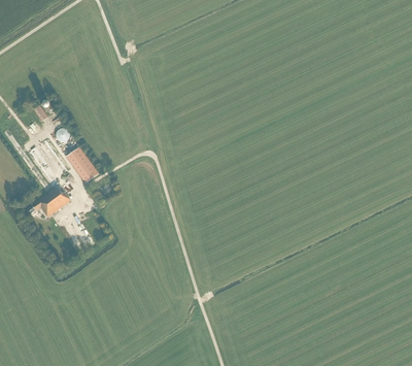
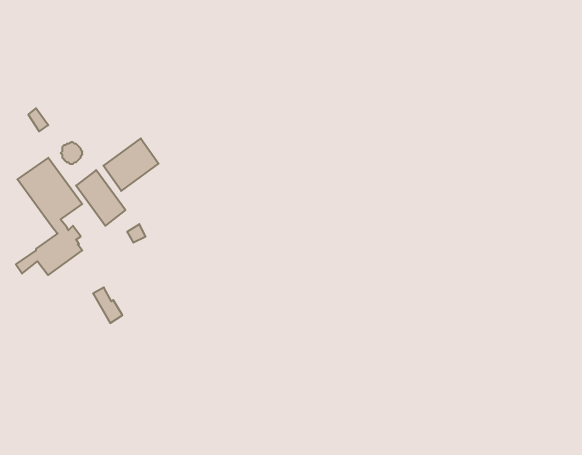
building: none -> [103,138,159,191]

